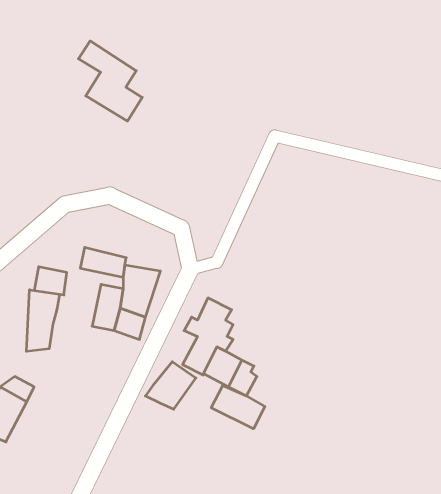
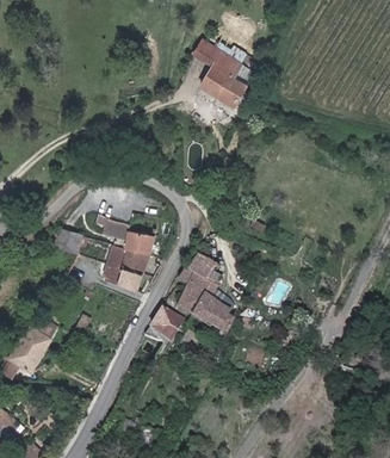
building: [78,41,142,121] -> [193,42,244,106]
building: [26,290,60,351] -> none
building: [211,385,265,429] -> none

